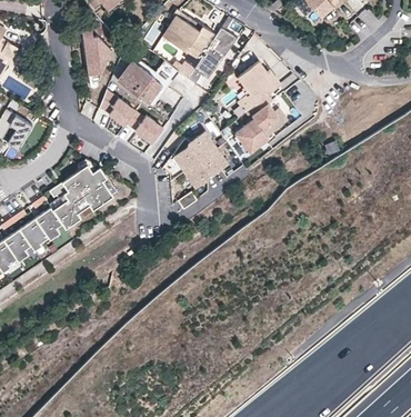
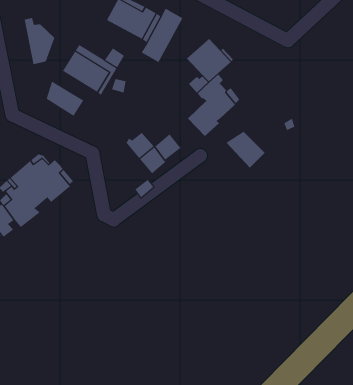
building: [127,112,164,143] -> none
building: [177,133,217,161] -> none
building: none -> [225,131,265,168]

